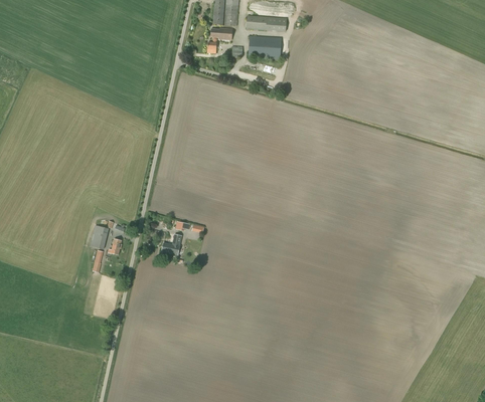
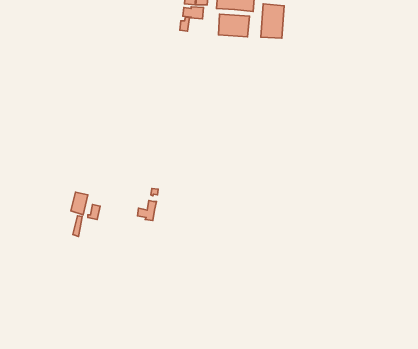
building: none -> [261,4,284,38]

